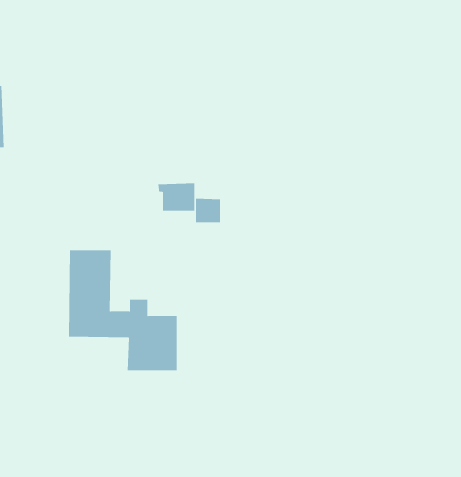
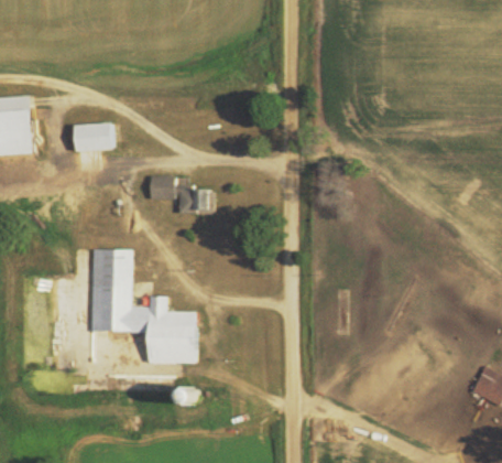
building: none -> [74,122,112,151]
building: [195,198,221,223] -> [151,175,175,198]

